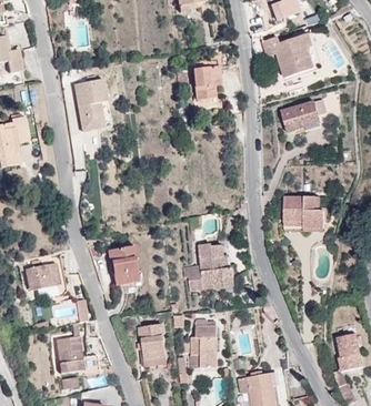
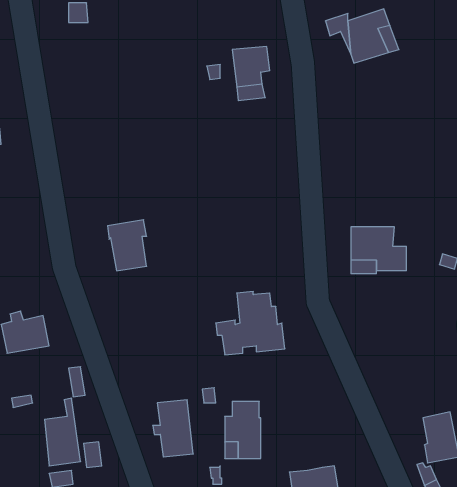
building: [76,73,112,126] -> none
building: [285,106,321,129] -> none
building: [109,246,138,284] -> [108,220,147,271]

